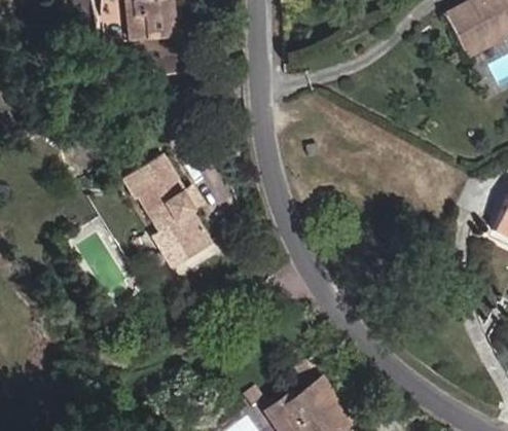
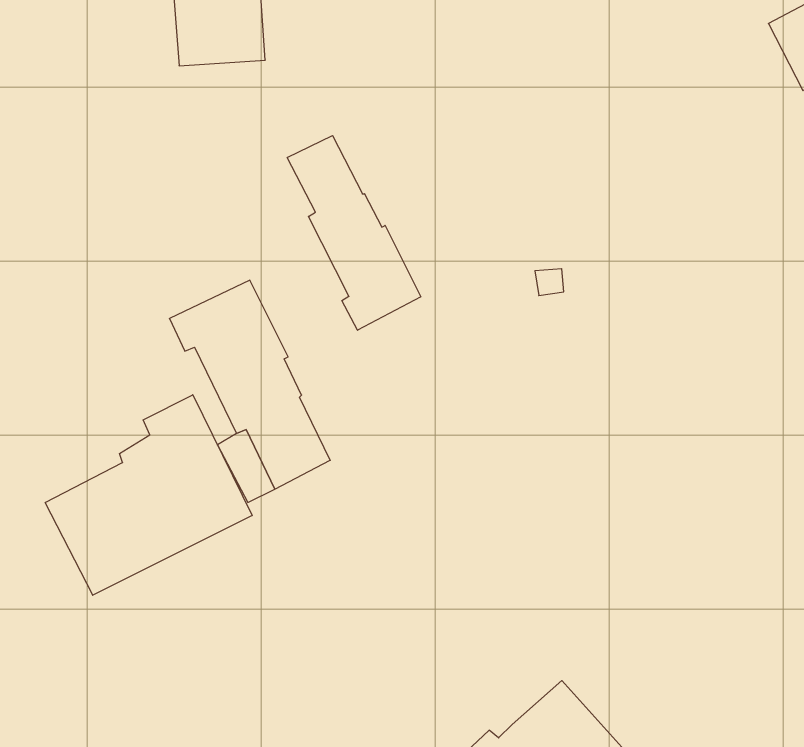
building: none -> [287,136,421,330]
building: none -> [45,395,252,595]

